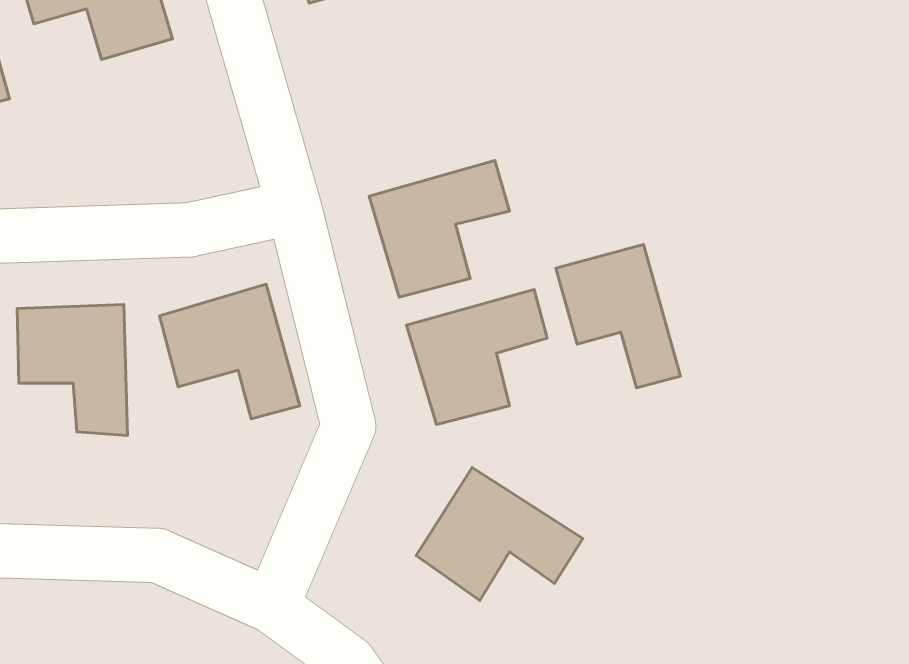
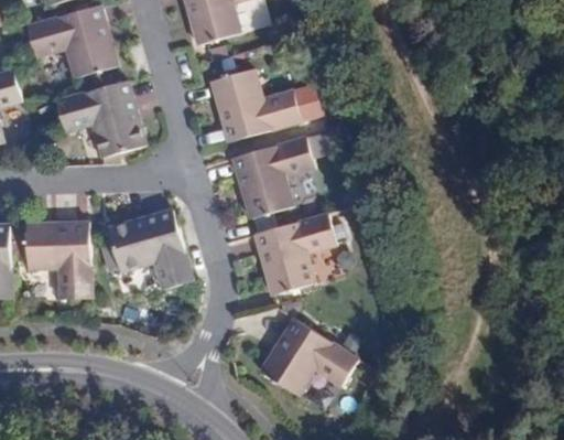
building: none -> [209,68,302,142]
building: none -> [55,79,144,157]
building: [556,245,680,388] -> none

